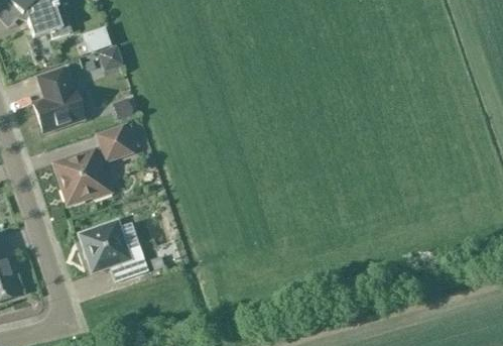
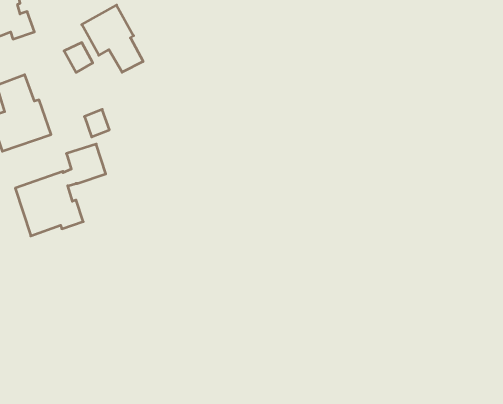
building: none -> [82,5,143,72]
building: [78,218,148,279] -> none

